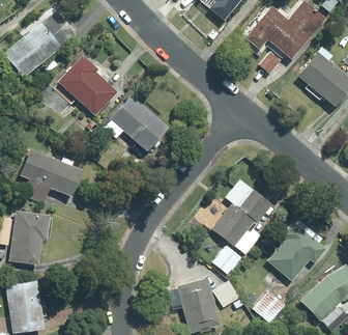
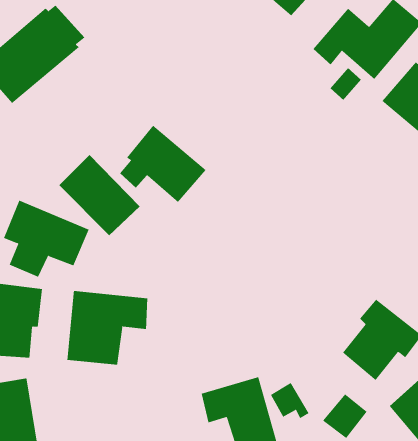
building: [58,55,118,115] -> [58,154,140,236]
building: [212,177,271,275] -> none
building: none -> [67,290,148,365]

